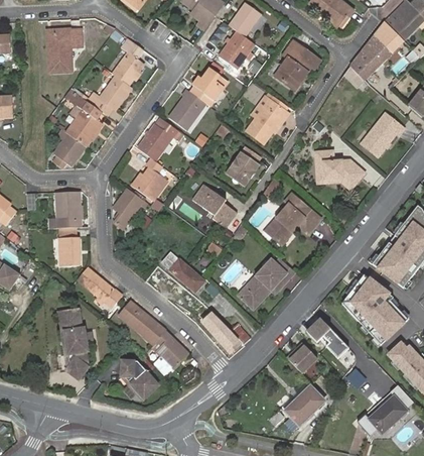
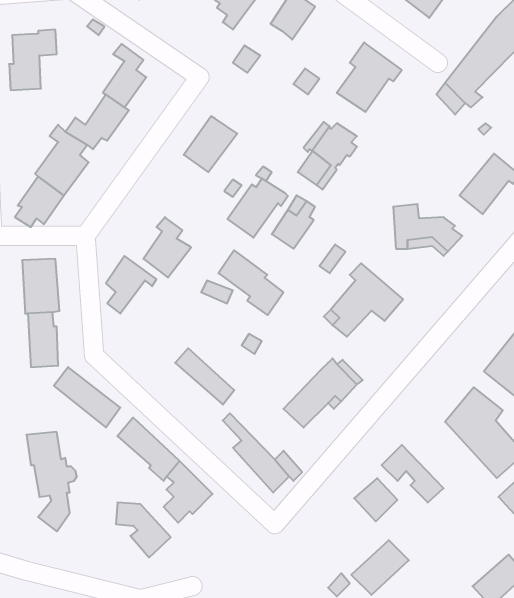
building: [219,30,253,68] -> none
building: [189,68,226,106] -> none
building: [137,120,179,161] -> [227,179,288,238]

